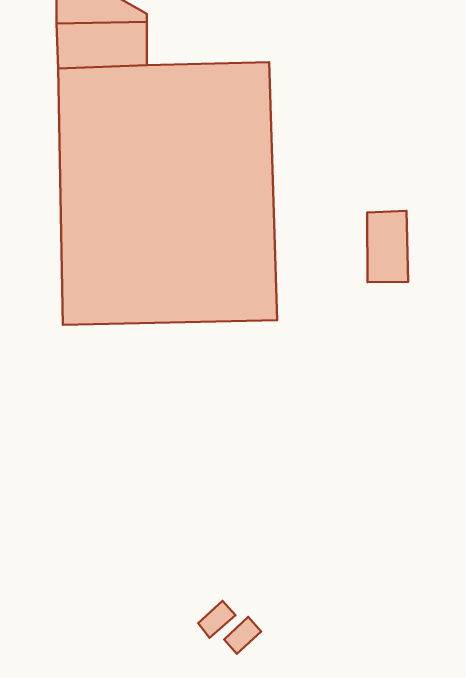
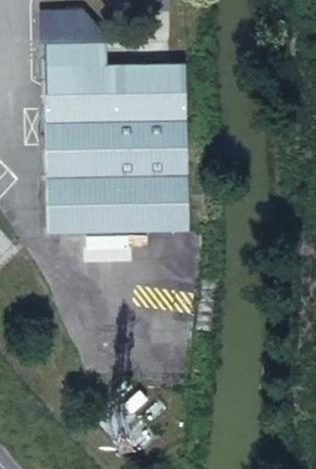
building: [367,211,408,282] -> none

